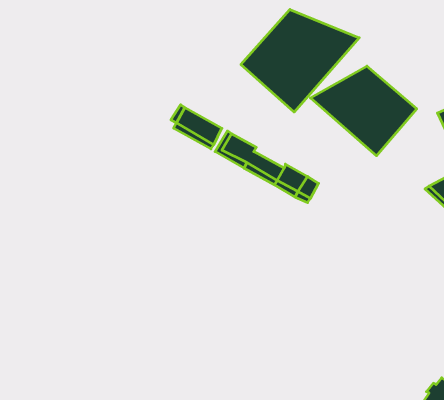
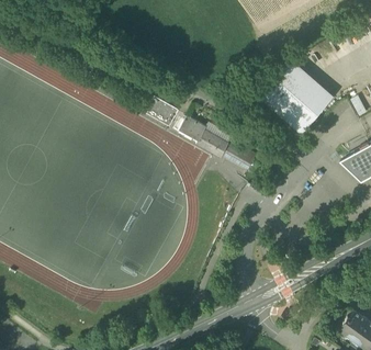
building: [241,9,359,112] -> none

